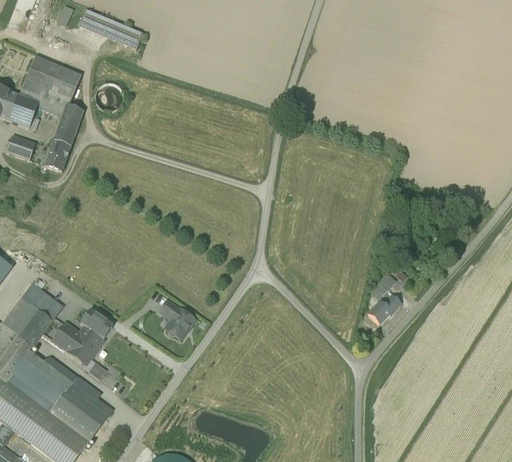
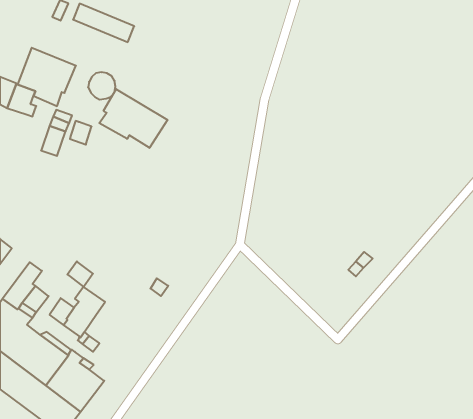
building: none -> [99,89,167,148]
building: [60,103,83,128] -> [70,121,92,145]
building: [6,134,35,159] -> none
building: [35,293,62,320] -> [67,261,93,287]
building: [368,294,401,324] -> none
building: [165,309,194,338] -> none

